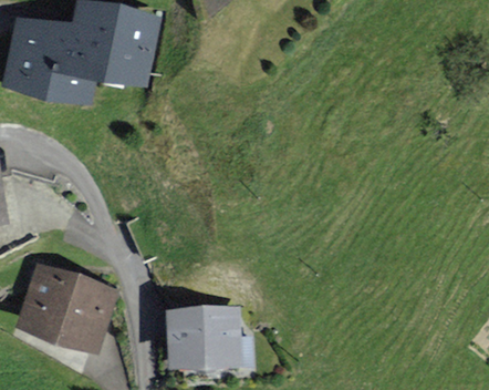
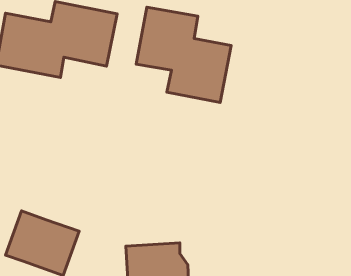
building: none -> [136,7,231,102]

